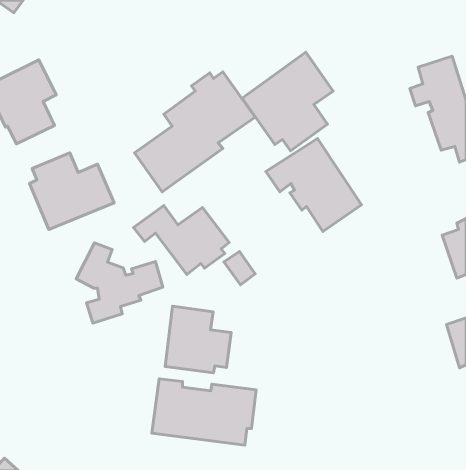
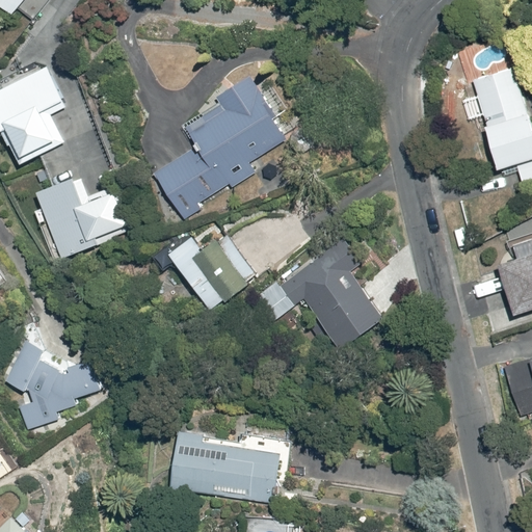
building: [242,52,333,151] -> none
building: [266,138,362,232] -> [276,248,384,353]
building: [76,243,163,323] -> [5,340,103,430]
building: [165,306,231,373] -> none

